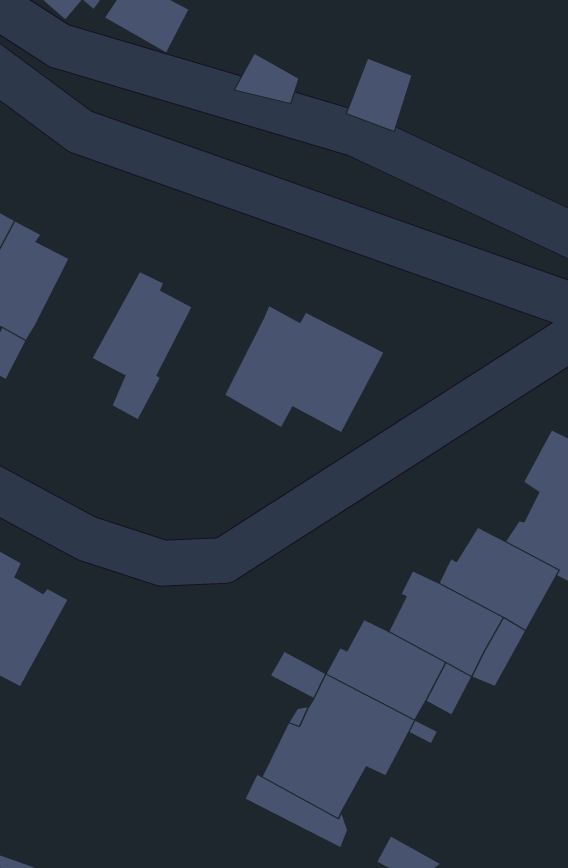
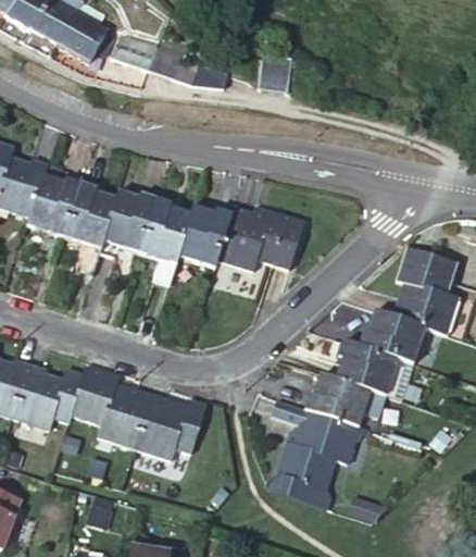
building: none -> [149,44,199,85]
building: none -> [101,190,155,252]
building: none -> [176,206,230,268]
building: none -> [129,393,204,460]

